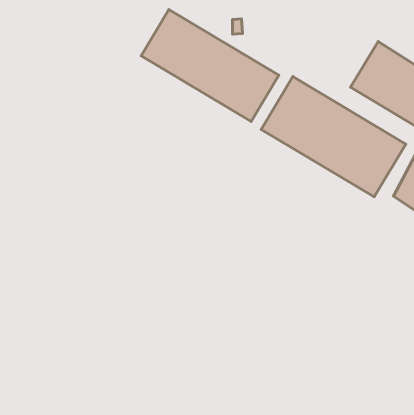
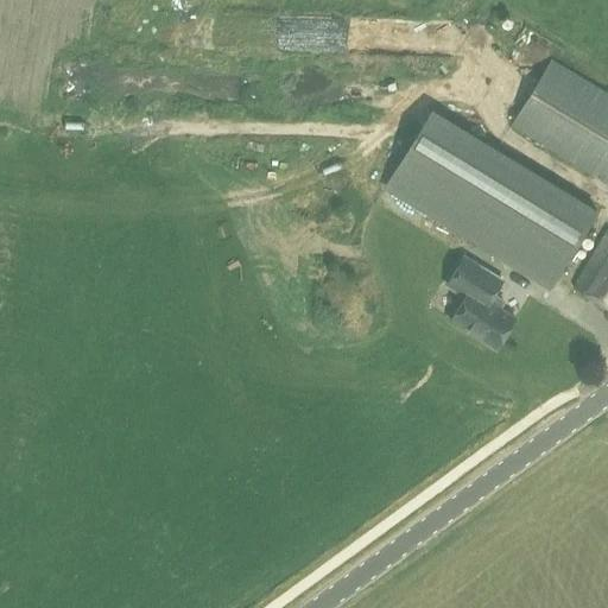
building: [141,9,279,121] -> none
building: none -> [451,255,520,348]

